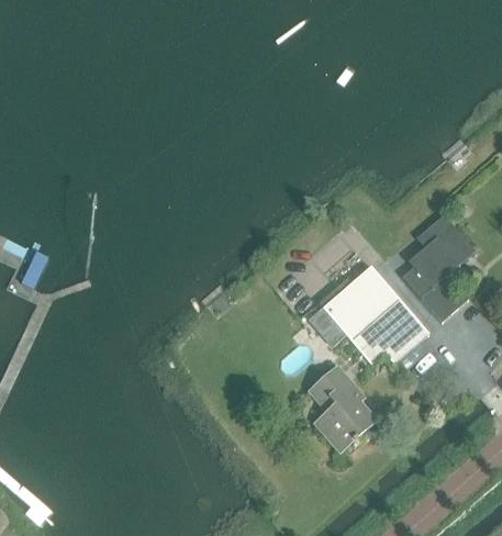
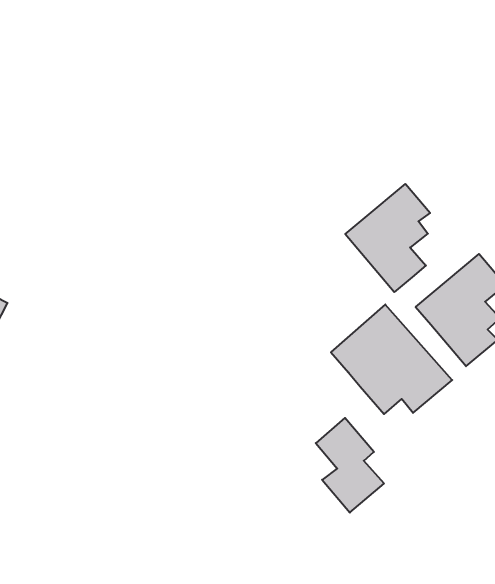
building: none -> [345,184,430,292]
building: [309,309,345,347] -> none

